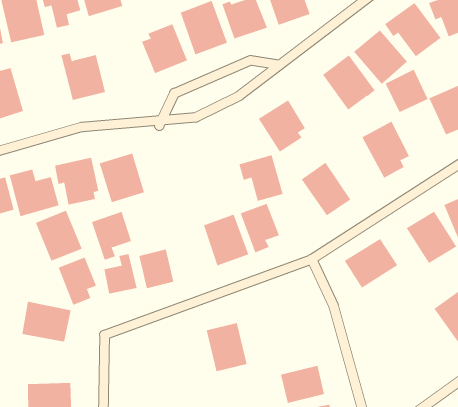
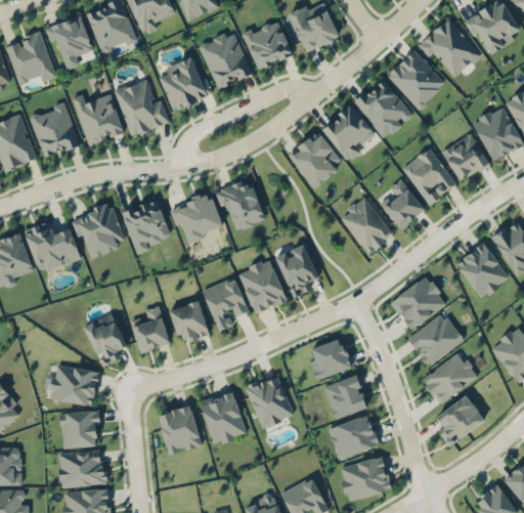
building: none -> [115,79,169,135]
building: none -> [31,101,80,157]
building: [385,69,429,113] -> [441,133,489,181]
building: none -> [322,104,375,162]
building: none -> [382,179,425,228]
building: none -> [170,194,223,241]
building: [238,155,283,201] -> [215,178,265,229]
building: [35,210,82,261] -> none
building: [91,211,132,261] -> [202,275,247,330]
building: none -> [407,312,464,366]
building: none -> [307,338,351,379]
building: none -> [421,350,479,403]
building: none -> [324,376,366,418]
building: none -> [200,390,247,444]
building: none -> [59,410,102,448]
building: none -> [157,404,202,455]
building: none -> [437,394,485,445]

